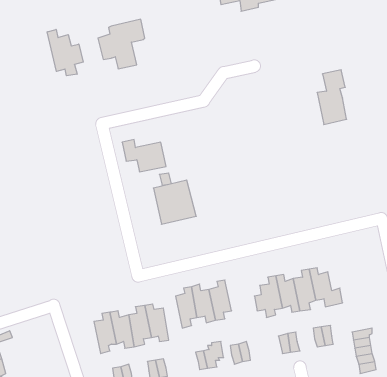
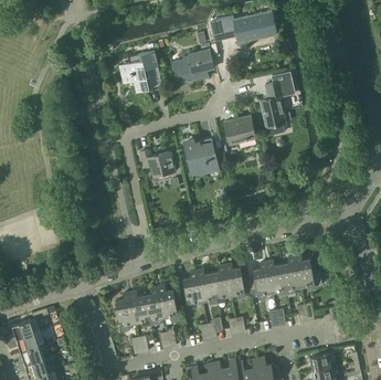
building: none -> [171,42,214,81]
building: [47,29,83,76] -> none
building: [317,70,347,125] -> [261,82,285,127]
building: none -> [224,116,255,144]
building: [153,180,196,224] -> [183,137,219,173]
building: none -> [224,263,251,295]

